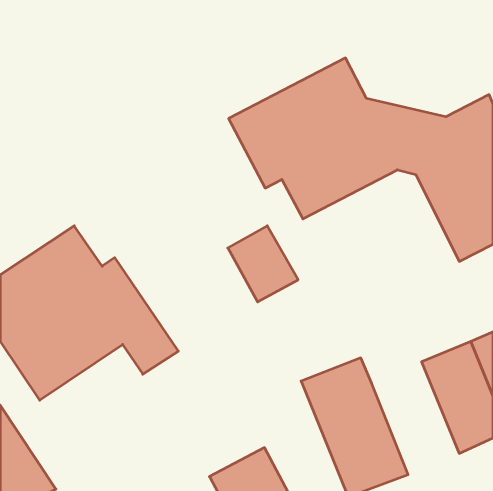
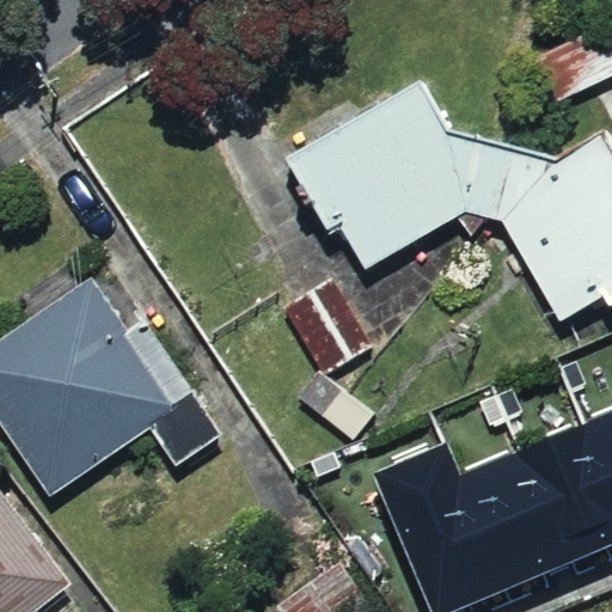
building: none -> [460,451,569,590]

